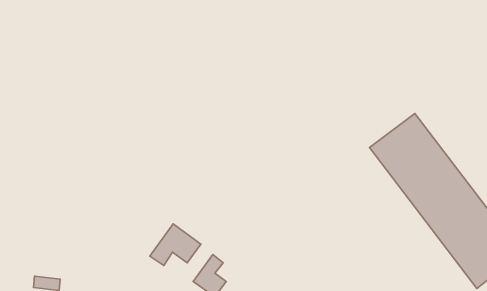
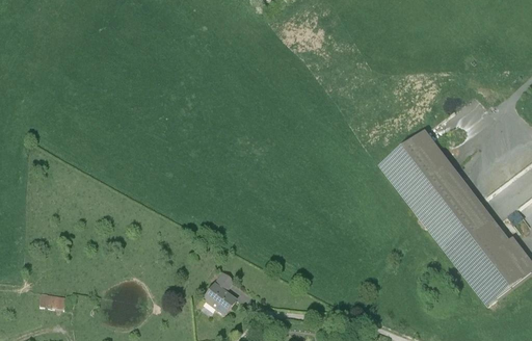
building: [150,224,201,265] -> none

